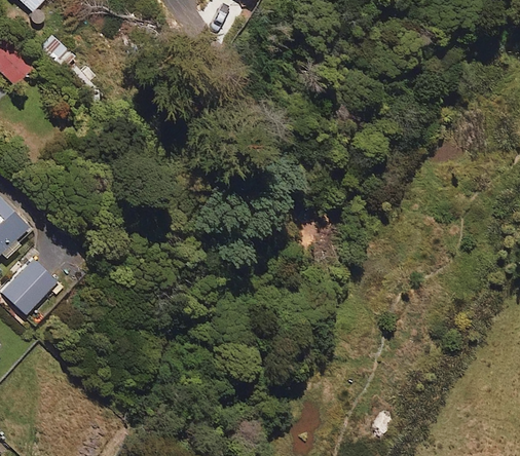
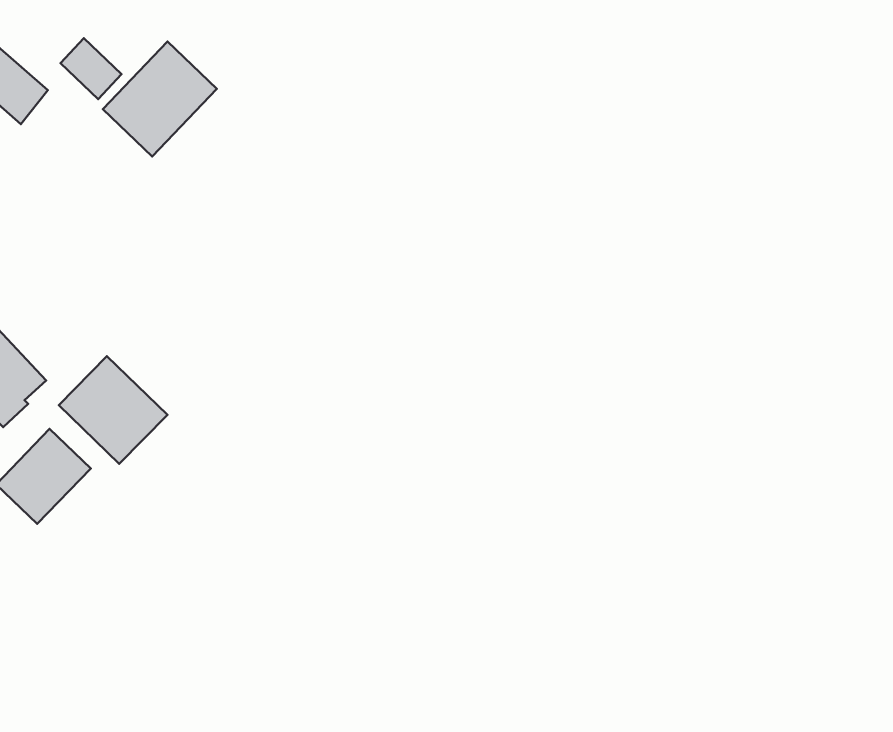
building: none -> [103,41,217,157]
building: none -> [59,356,167,464]

